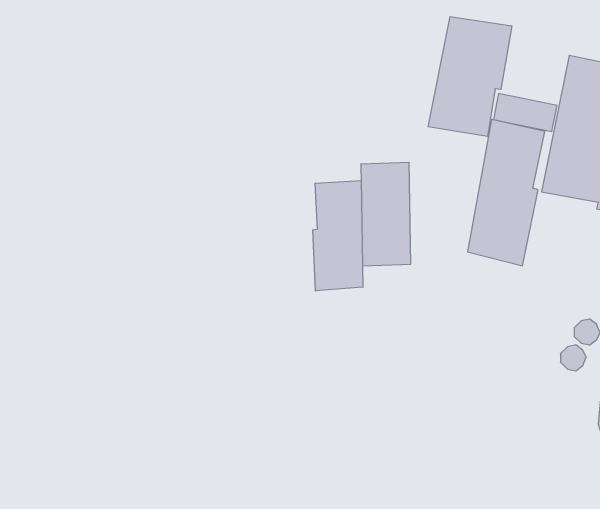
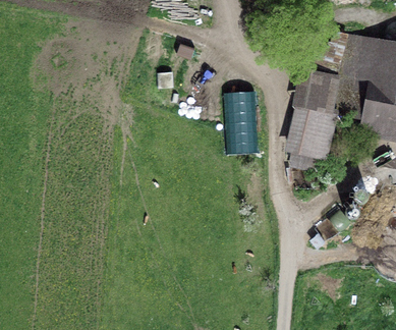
building: [428,17,512,137] -> none
building: [313,181,363,291] -> none

